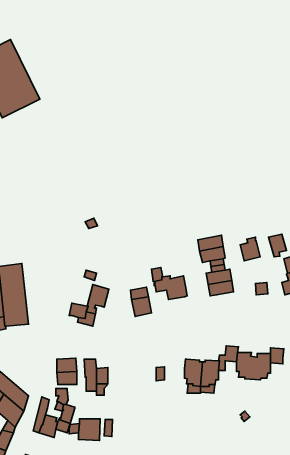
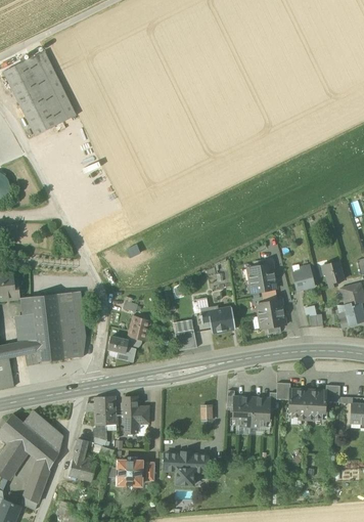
building: none -> [56,291,85,359]
building: none -> [164,452,208,485]

